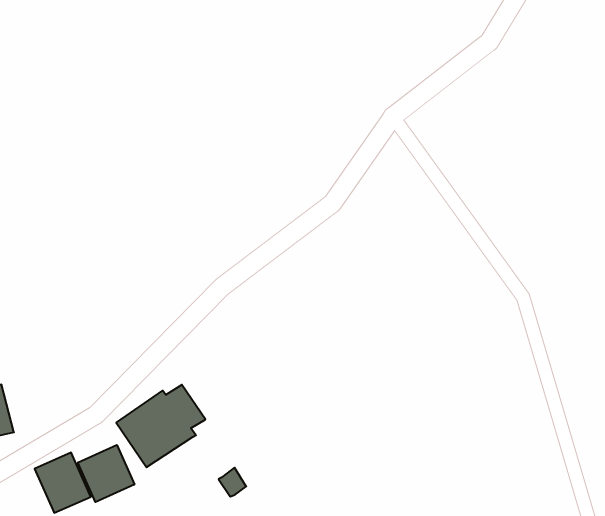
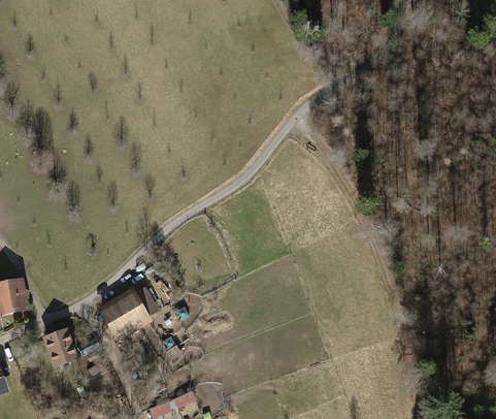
building: [78,445,134,502] -> none

